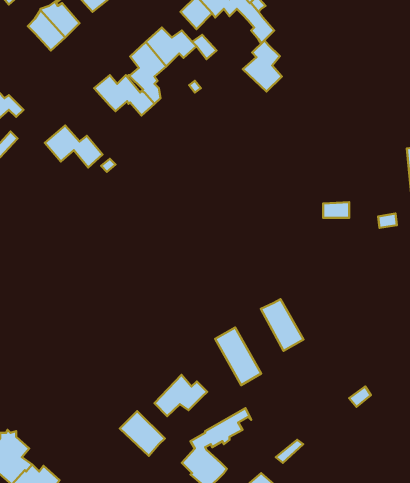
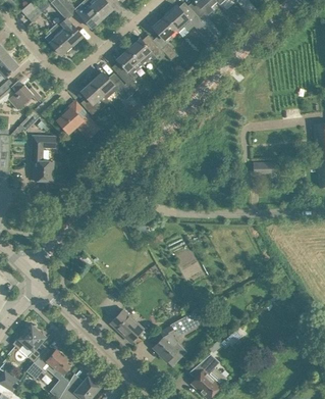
building: [243,40,282,91] -> none
building: none -> [79,82,109,115]
building: none -> [31,136,55,181]
building: [261,299,303,351] -> none
building: [155,375,207,416] -> none

